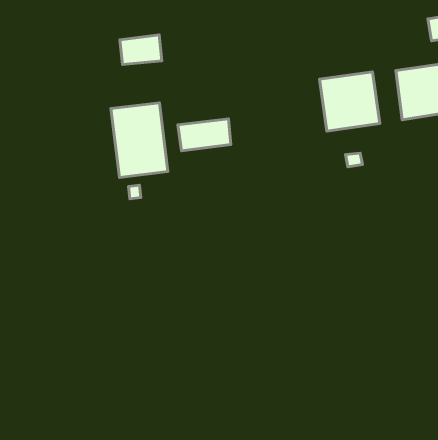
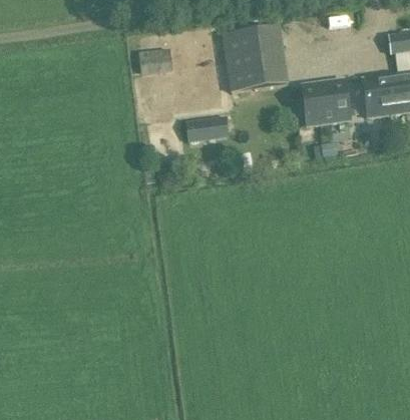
building: none -> [226,29,288,91]
building: [111,103,168,177] -> none

